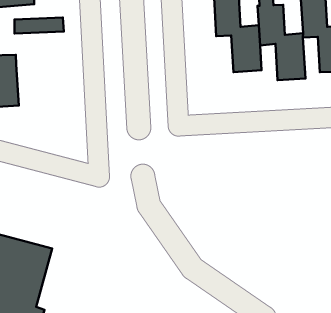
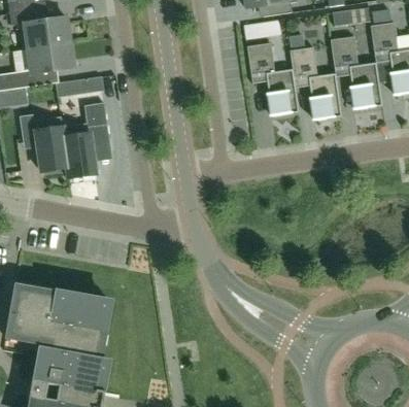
building: none -> [62,102,110,176]

